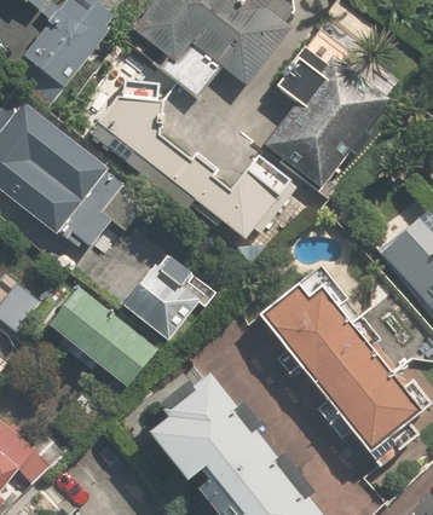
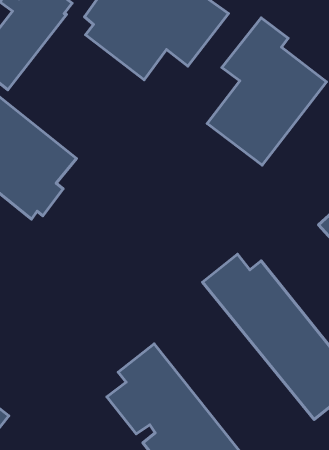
building: [86,81,281,241] -> none
building: [125,262,202,338] -> none
building: [47,288,156,388] -> none

